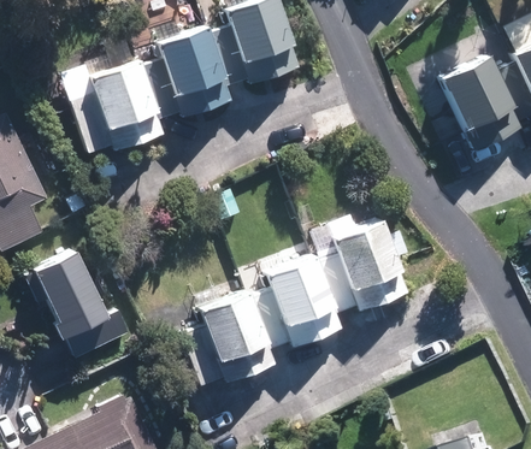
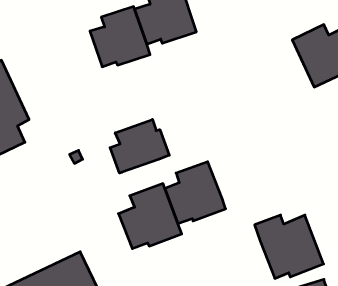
building: [70,59,163,153] -> none
building: none -> [110,119,169,173]
building: [306,220,408,314] -> [255,215,324,278]
building: [35,249,128,354] -> none

